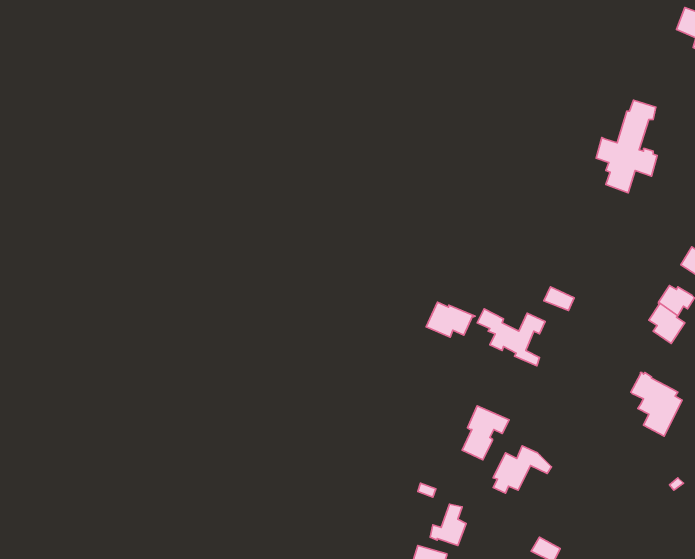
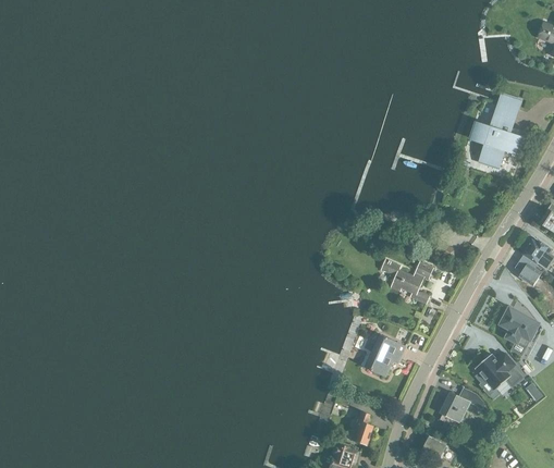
building: [426,302,475,337] -> none
building: none -> [475,353,521,389]
building: [493,446,551,493] -> [440,386,485,423]

